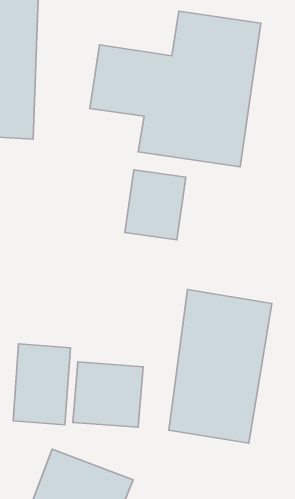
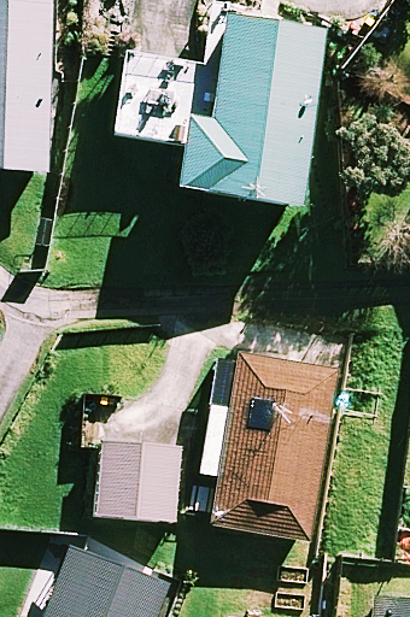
building: [125,170,186,240] -> none
building: [13,344,71,425] -> none

